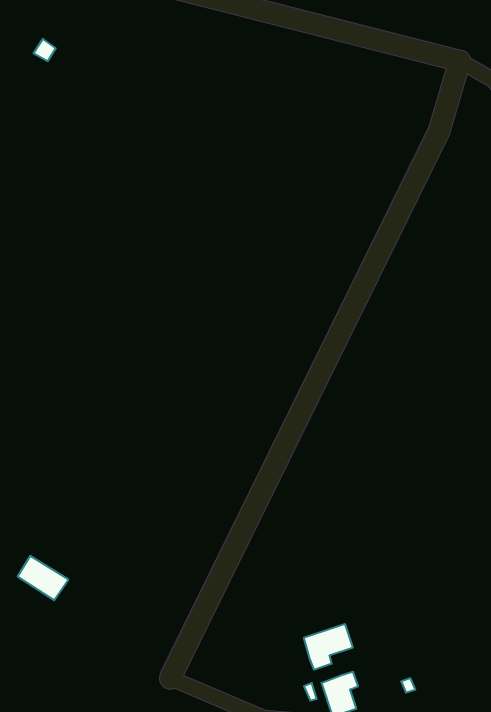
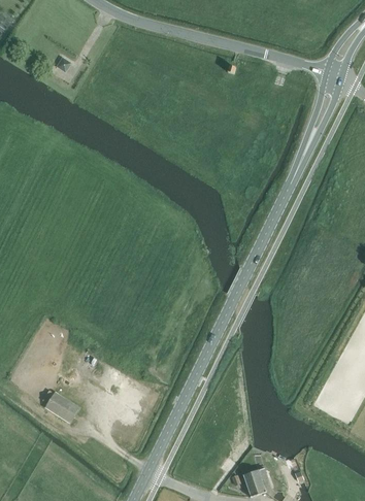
building: [304,624,353,670] -> none

